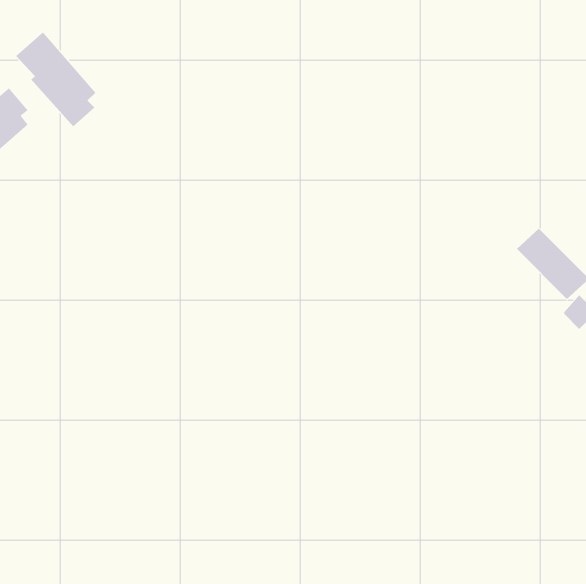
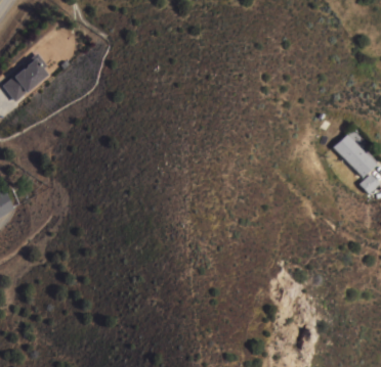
building: [15,32,96,127] -> none

